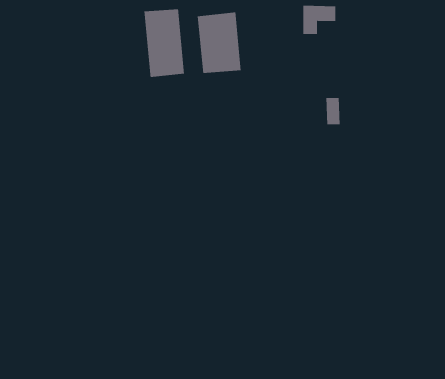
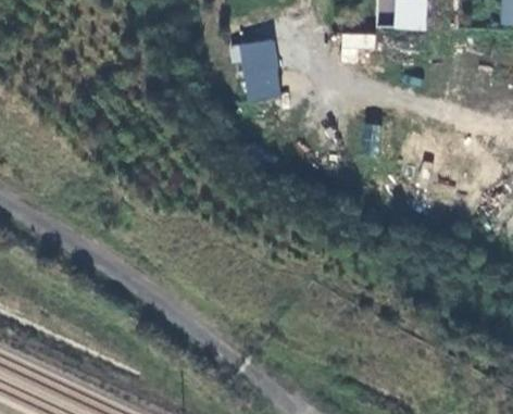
building: [144,8,185,78] -> none

